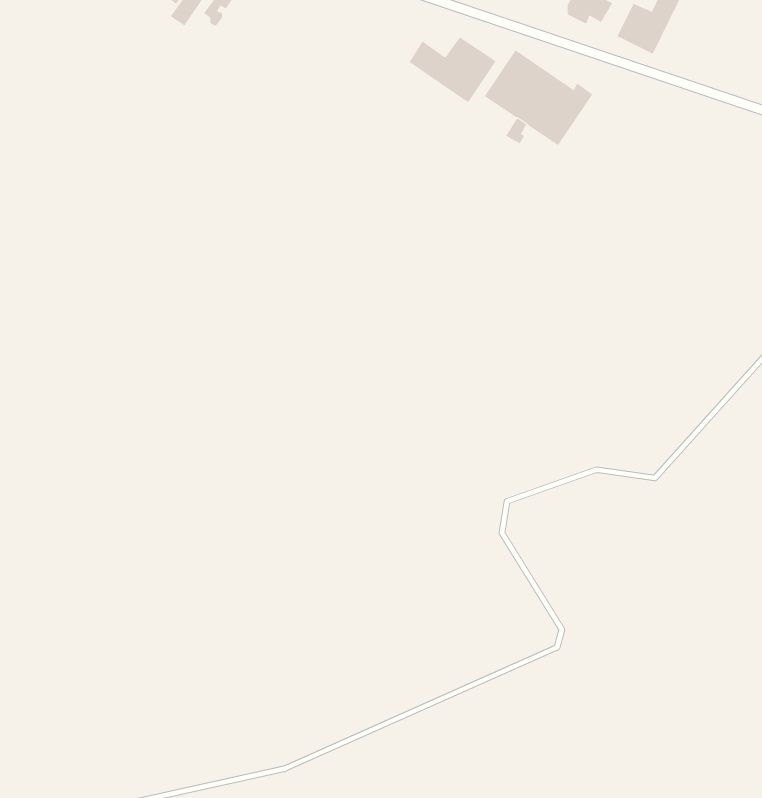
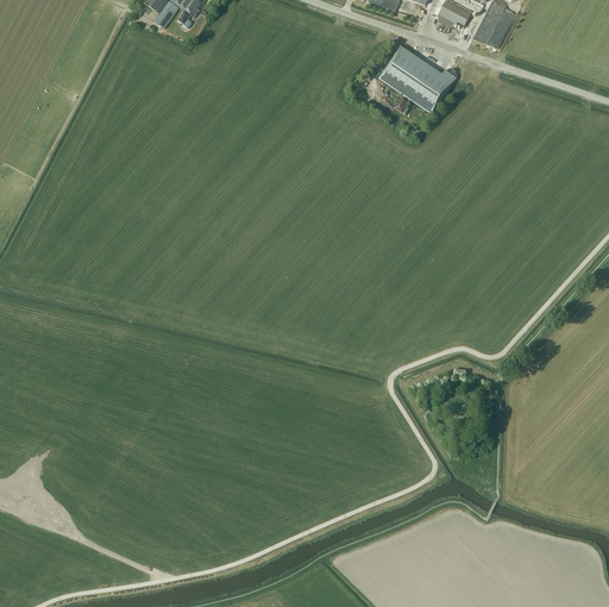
building: [409,37,496,103] -> none

